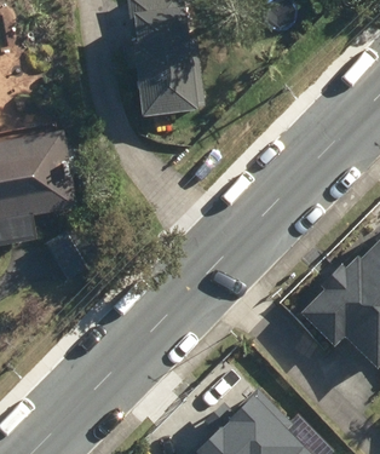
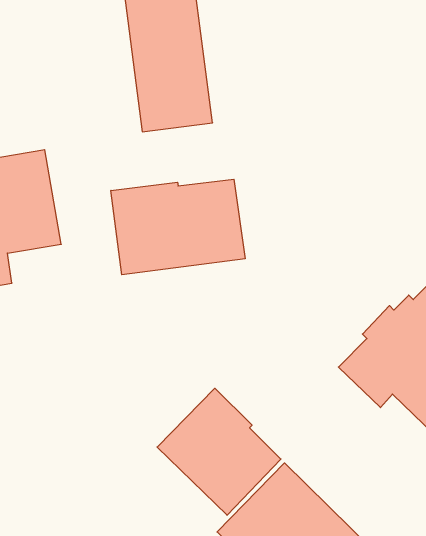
building: none -> [111,179,245,275]
building: none -> [157,388,281,515]

